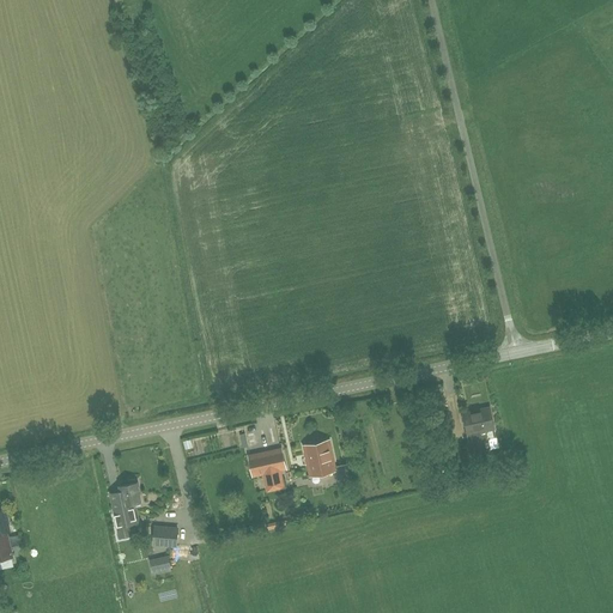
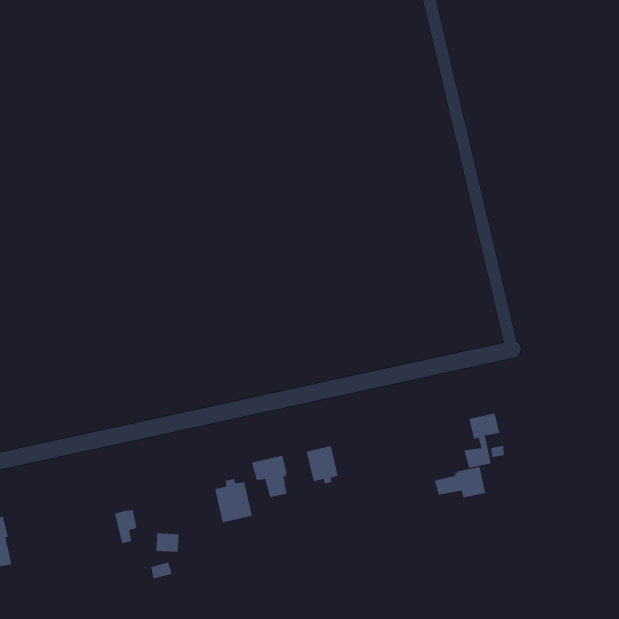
building: none -> [434,466,486,498]
building: none -> [215,478,253,523]
building: [108,479,140,506] -> none

